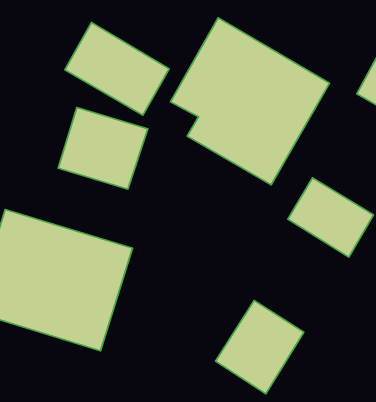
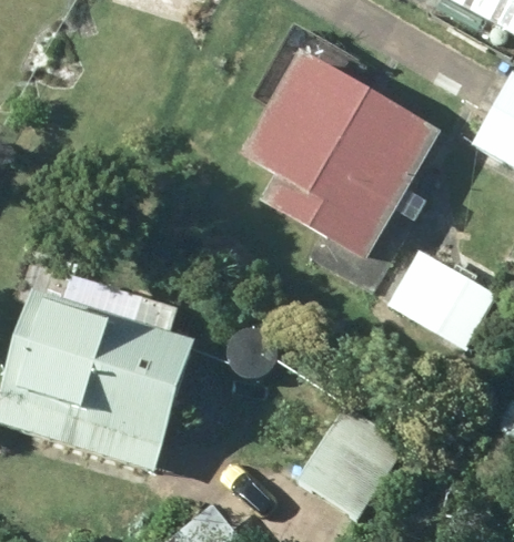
building: [65,22,169,115] -> none
building: [58,108,148,189] -> none

